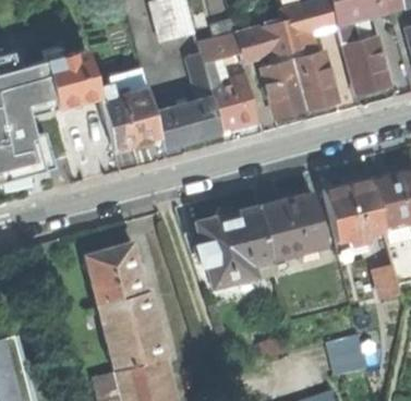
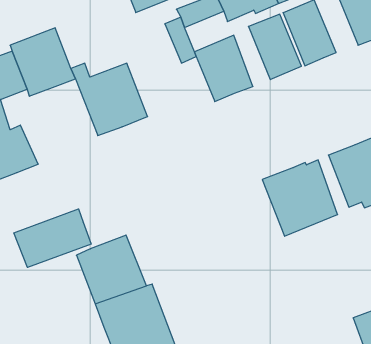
building: [171,97,223,144] -> none
building: [195,207,275,287] -> none
building: none -> [14,209,91,267]

